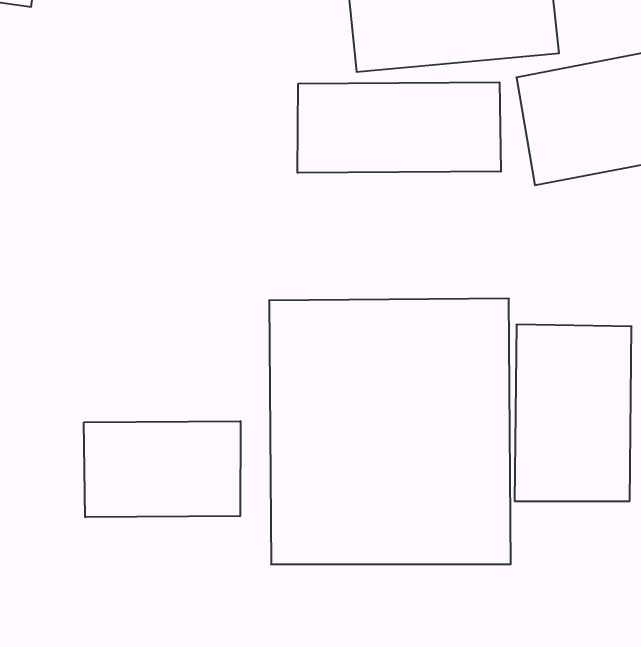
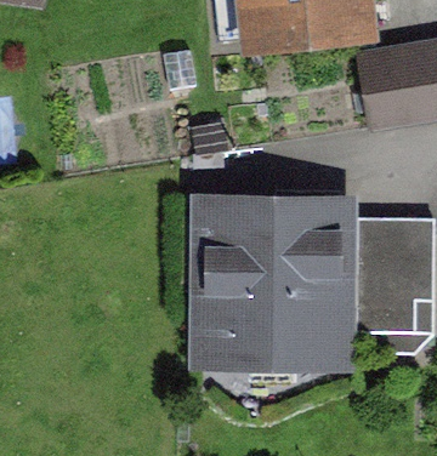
building: [298,82,501,173] -> none
building: [84,421,240,517] -> none

